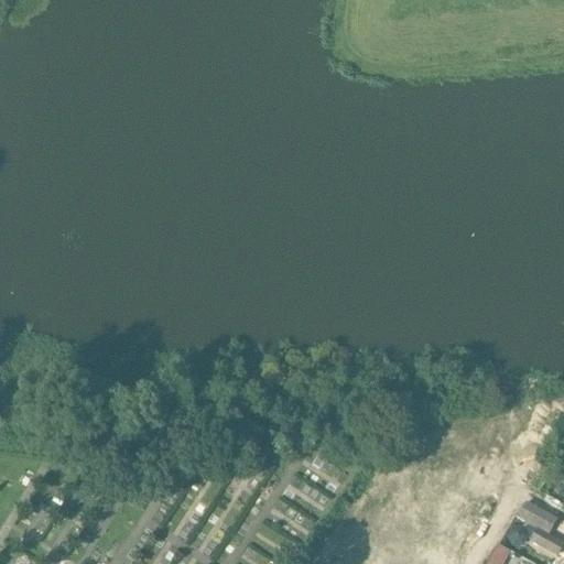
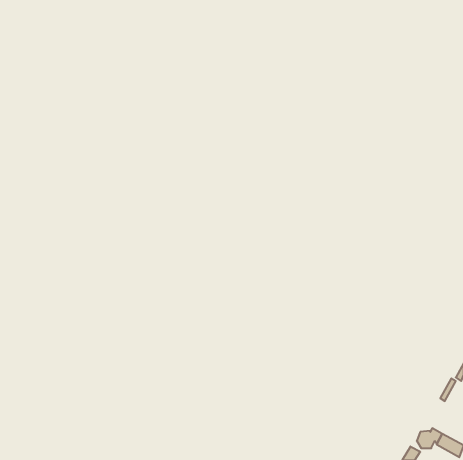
building: [519,500,558,532] -> none

